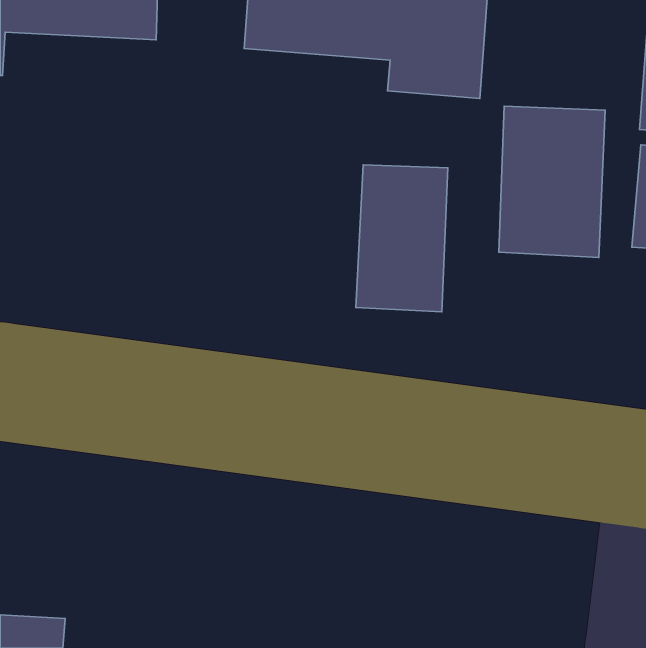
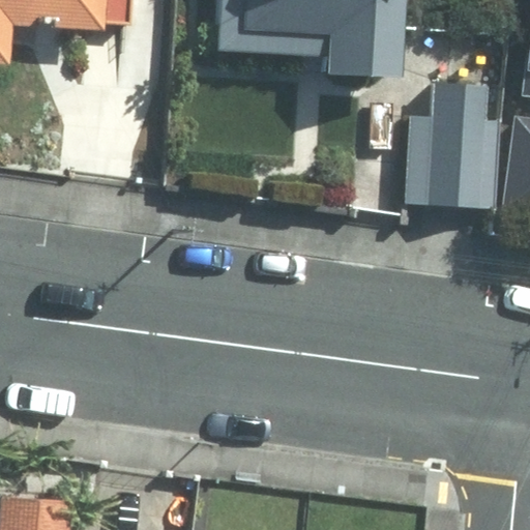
building: [356,165,448,312] -> none

